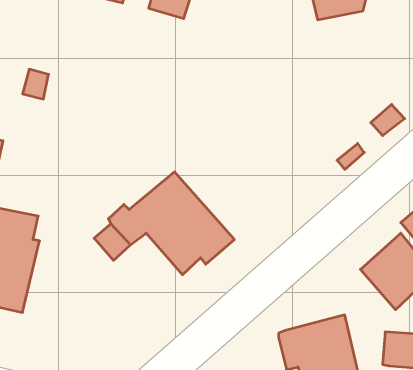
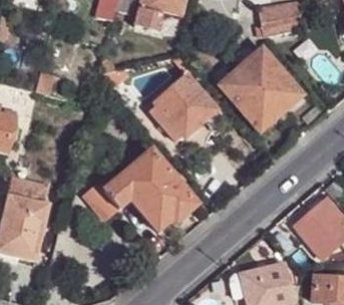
building: none -> [221,48,302,130]
building: none -> [154,74,217,135]

